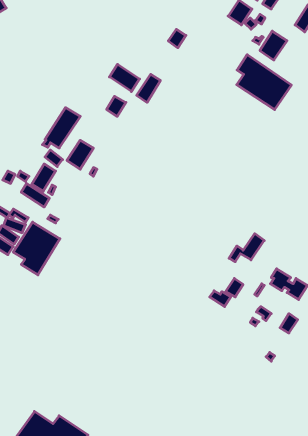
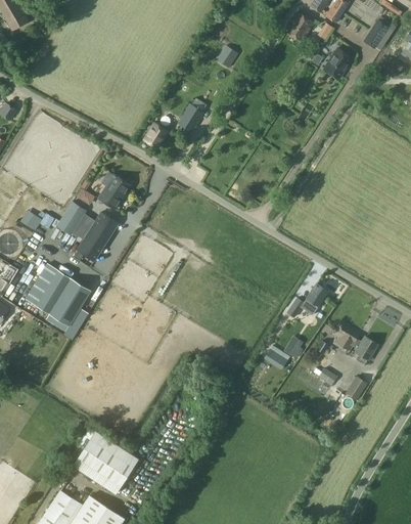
building: [237,55,291,110] -> none
building: [109,64,140,92] -> none
building: [42,108,80,148] -> [75,213,119,260]
building: none -> [68,430,138,493]

